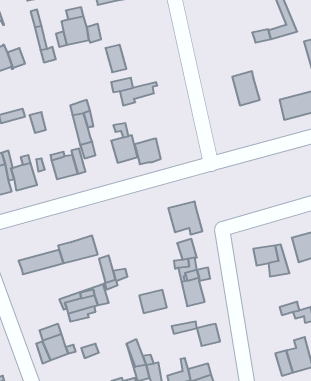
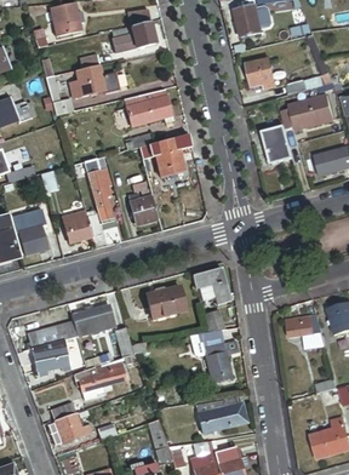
building: none -> [246,57,274,86]
building: none -> [138,88,171,122]
building: none -> [280,95,334,131]
building: [134,139,161,164] -> [154,149,183,177]
building: none -> [145,284,185,316]
building: none -> [32,339,70,371]
building: [139,290,167,313] -> [198,407,228,433]

